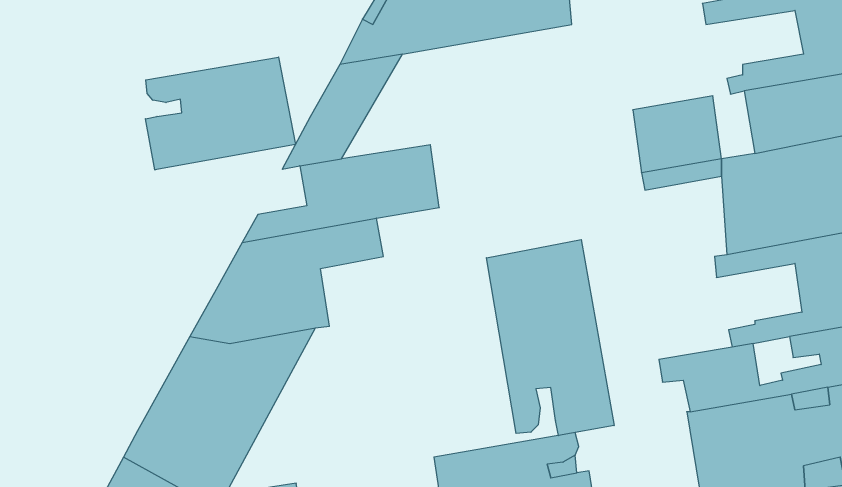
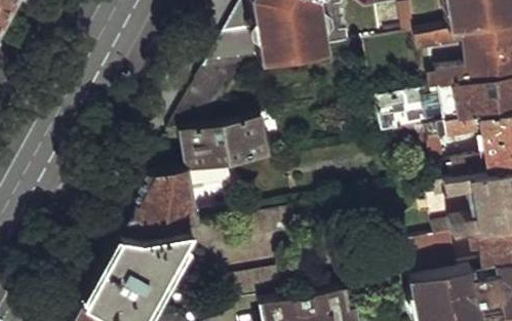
building: [145,57,296,170] -> none
building: [486,240,614,436] -> none

